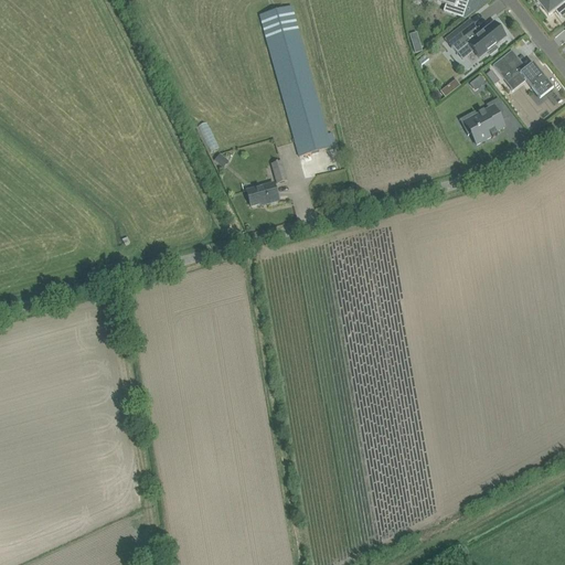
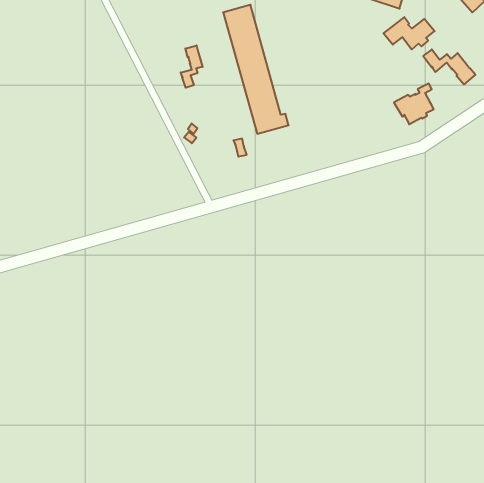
building: none -> [181,45,203,88]
building: [247,182,279,205] -> none

